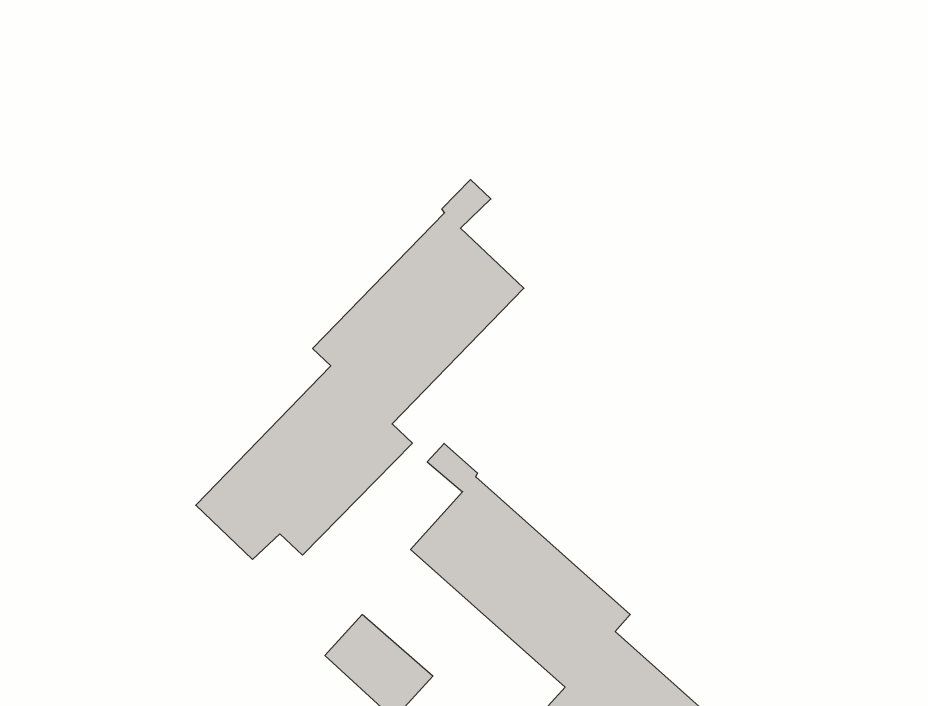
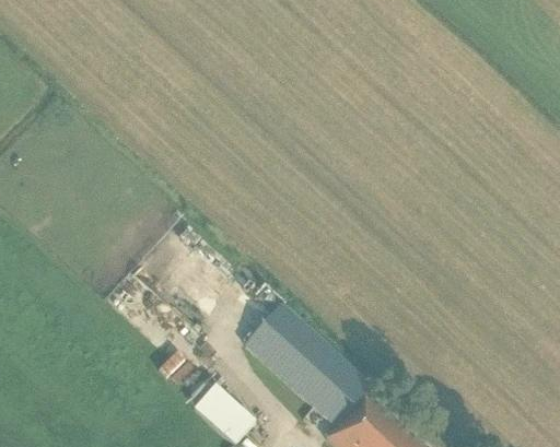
building: [196,180,524,559] -> none

